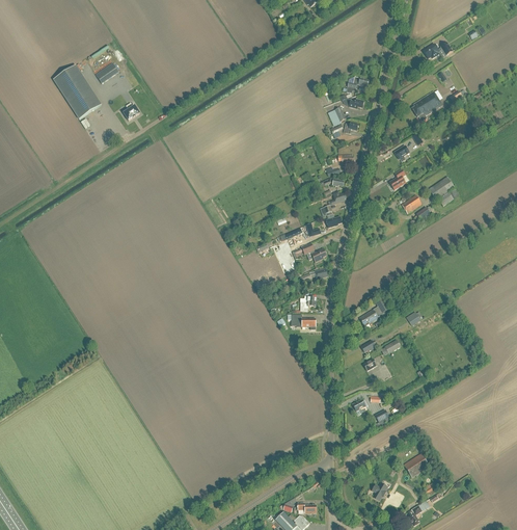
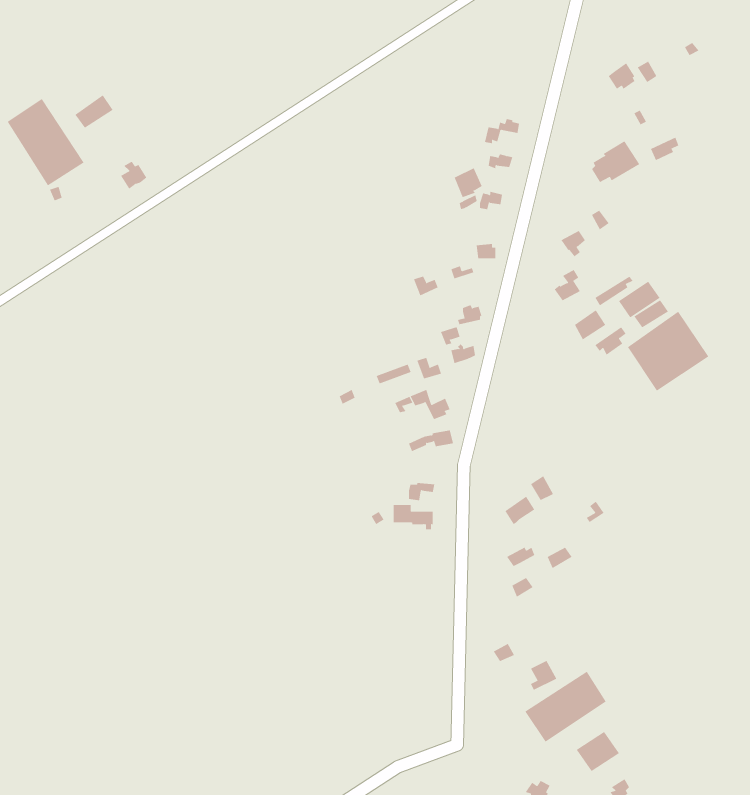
building: none -> [627,311,709,392]
building: none -> [524,671,607,743]

